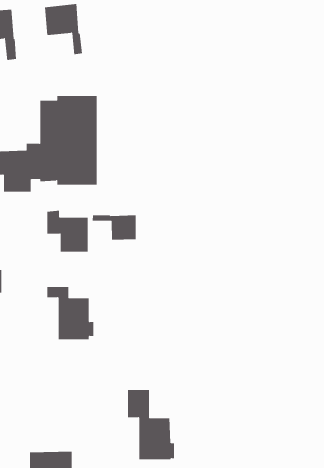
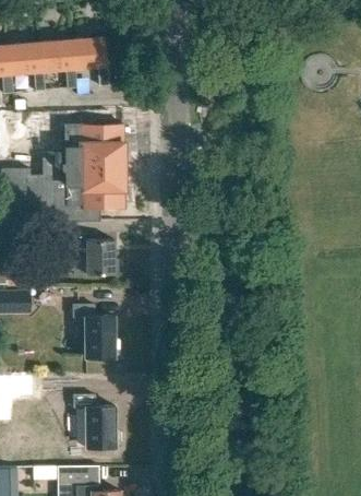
building: none -> [39,38,75,86]
building: [92,214,136,240] -> none
building: [127,389,175,460] -> [72,380,118,448]

